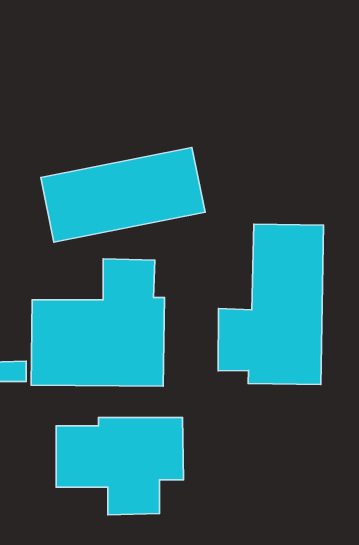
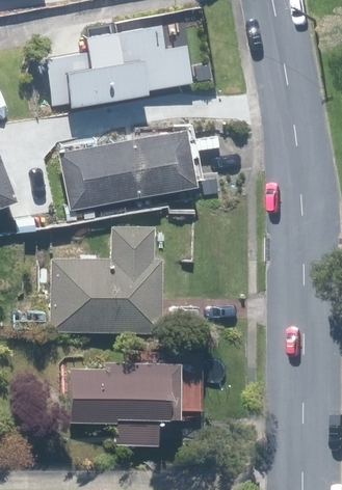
building: none -> [36,36,174,109]
building: [218,224,324,385] -> none

